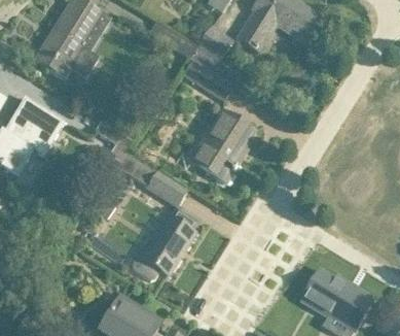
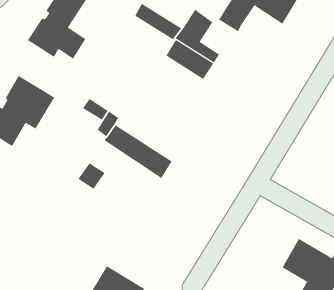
building: [196,109,254,181] -> none
building: [132,208,195,278] -> none

